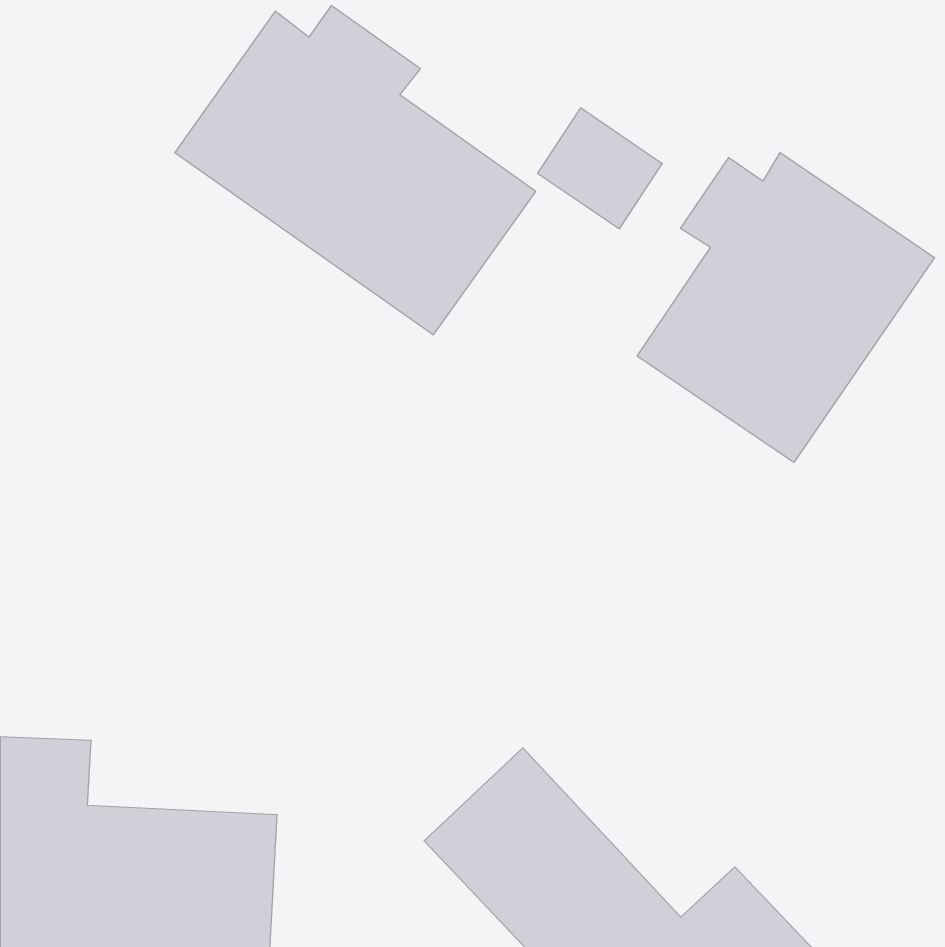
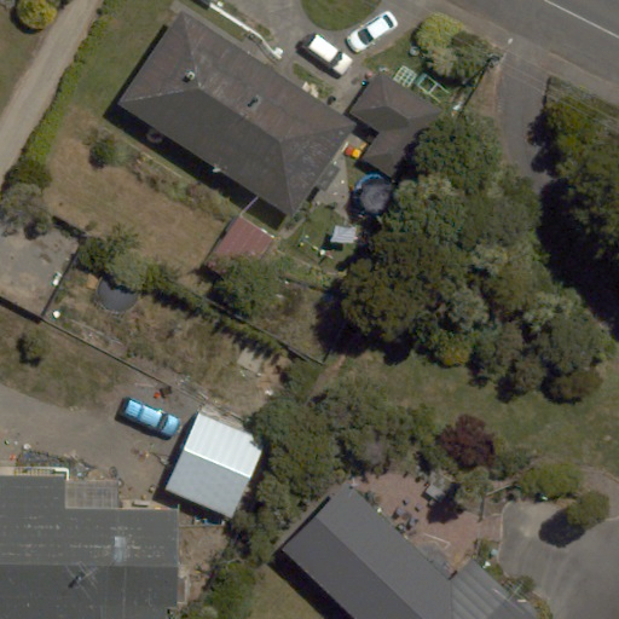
building: [637,153,935,462] -> none
building: none -> [160,411,266,519]

